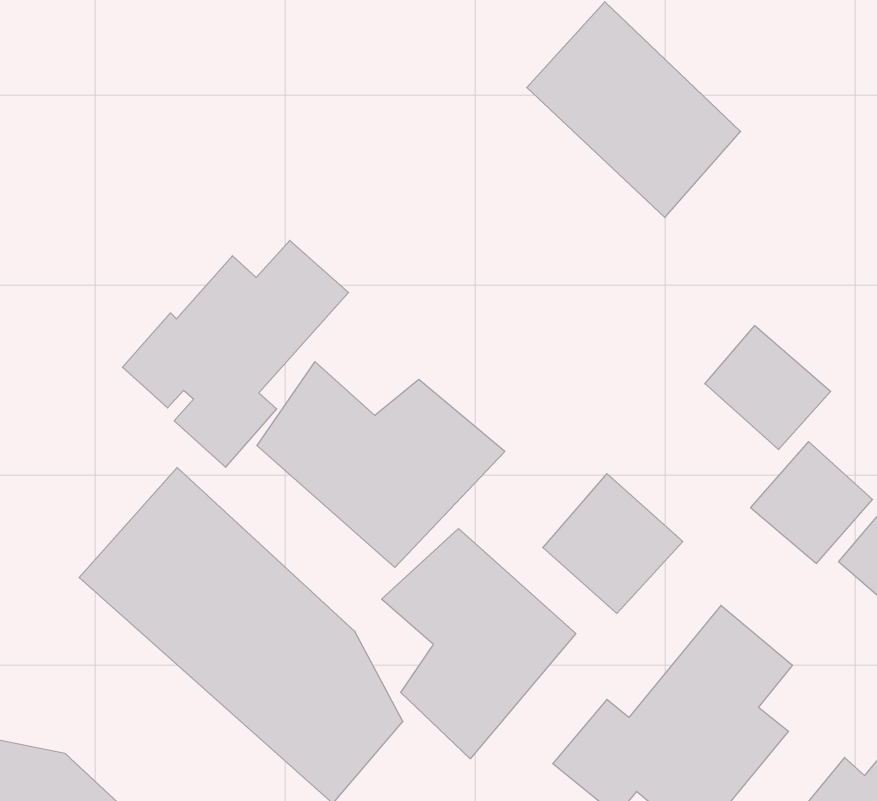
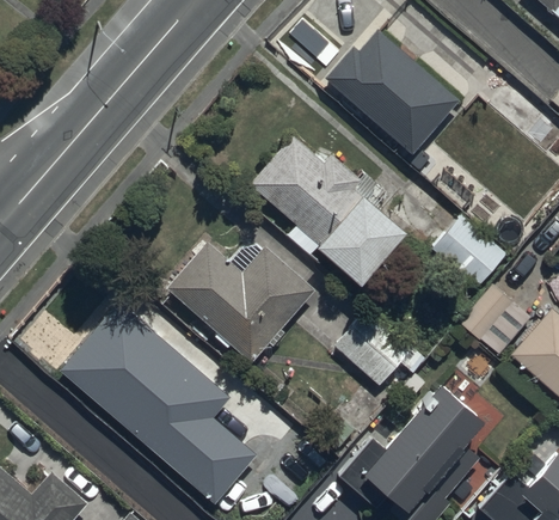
building: none -> [247,136,405,283]
building: [122,240,349,467] -> none
building: [382,529,576,759] -> none

